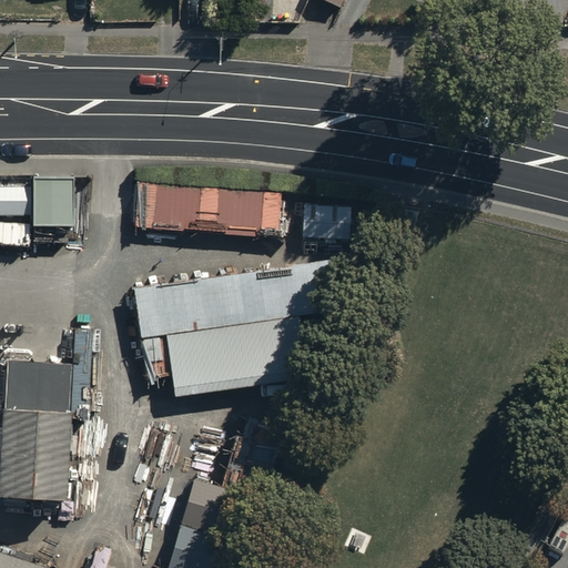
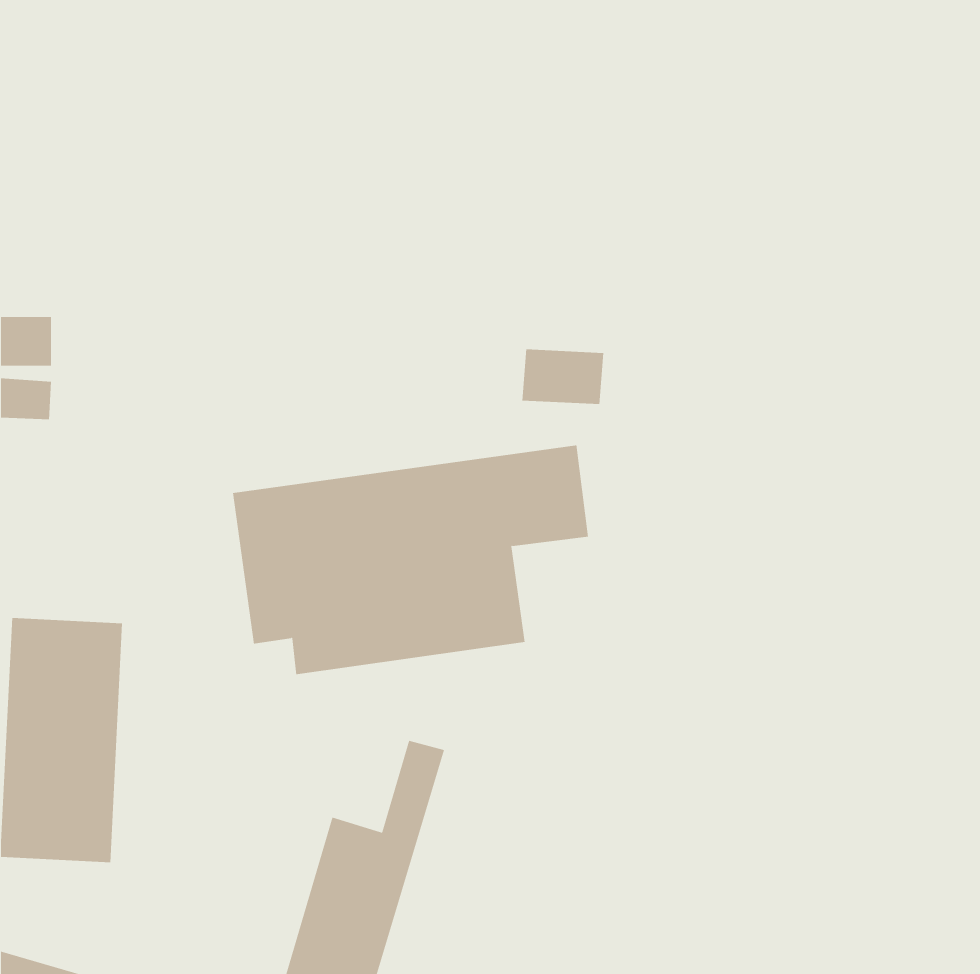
building: [34,181,75,232] -> none
building: [134,183,281,239] -> none

